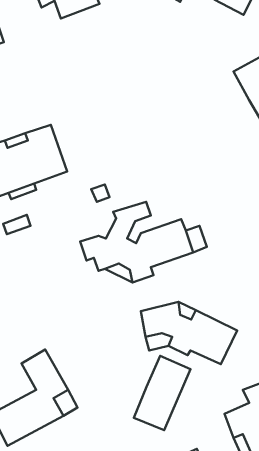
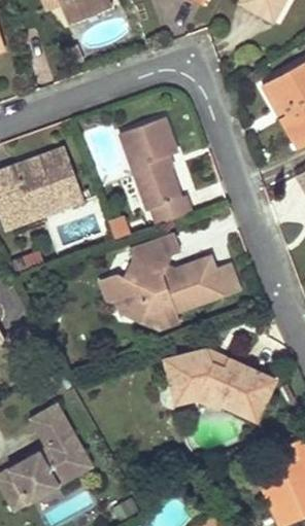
building: none -> [117,115,193,222]
building: [134,356,191,430] -> none

